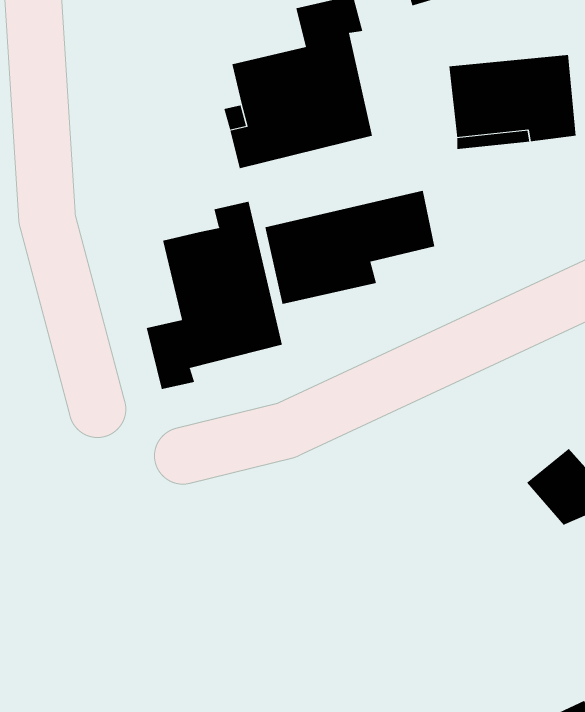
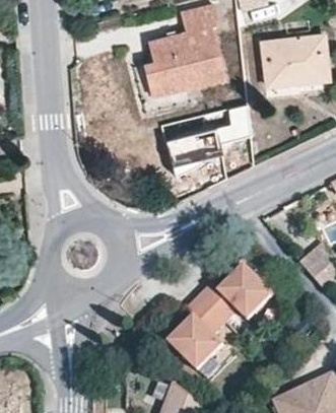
building: [146,201,282,390] -> none
building: none -> [173,271,278,371]

